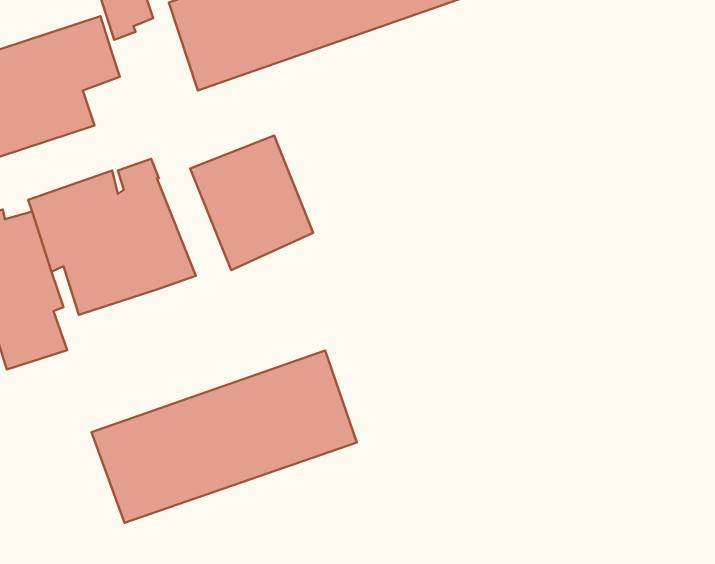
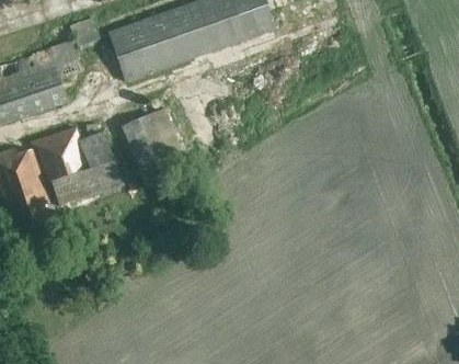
building: [92,350,357,523] -> none

